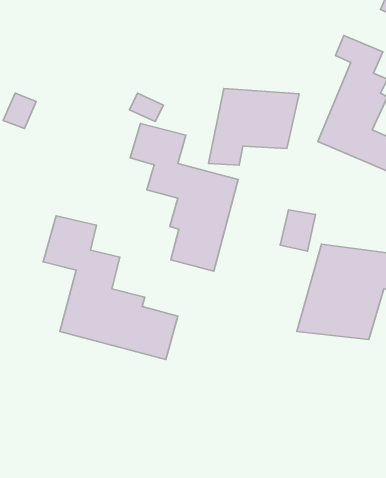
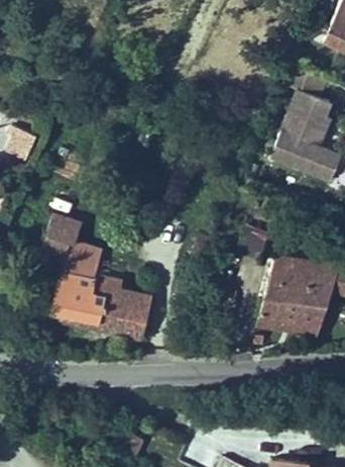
building: [208,89,299,165] -> none
building: [130,124,238,271] -> none

